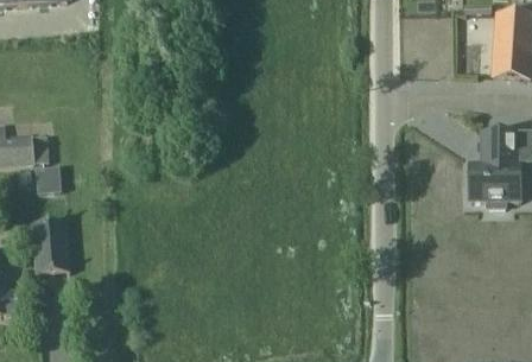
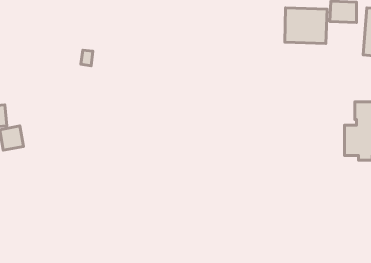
building: none -> [285,8,327,43]
building: [31,223,69,273] -> none

